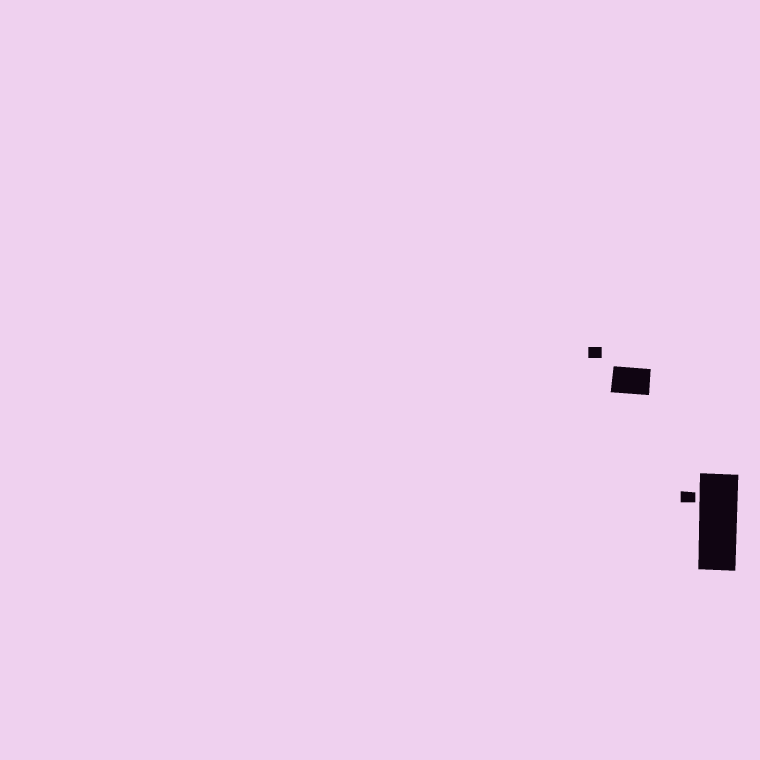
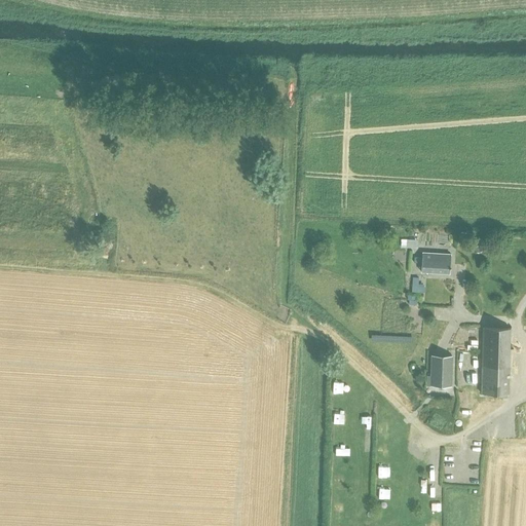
building: none -> [428,355,450,386]

